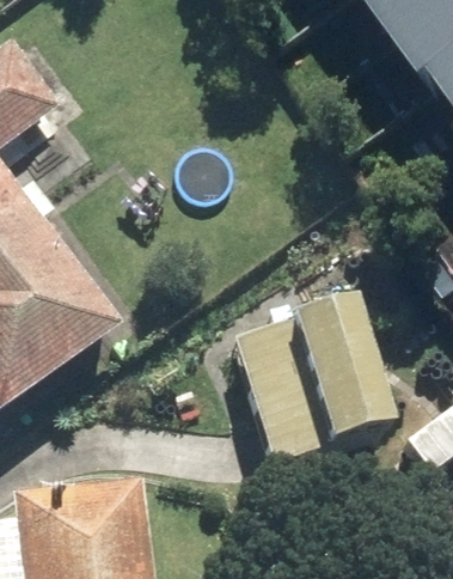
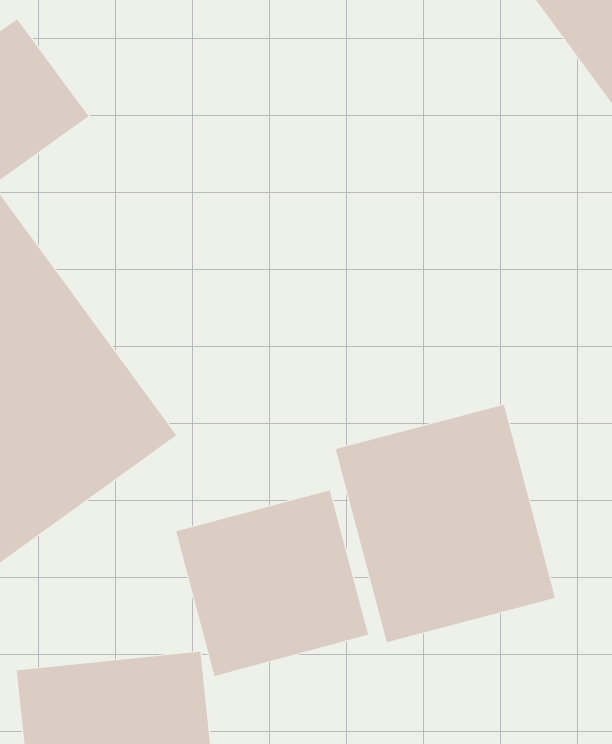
building: none -> [176,489,369,677]

